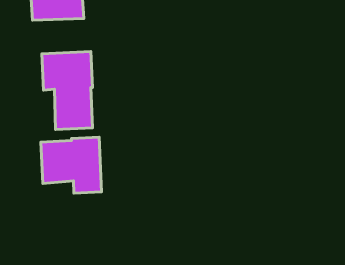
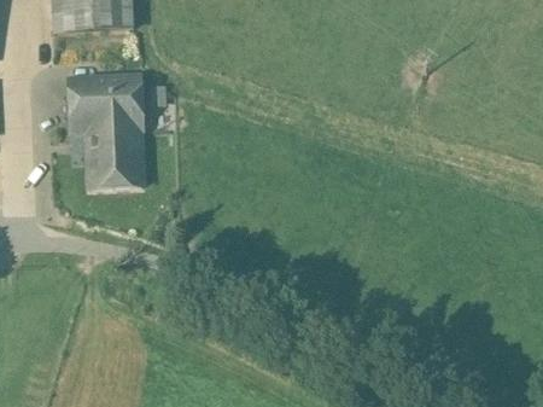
building: [41,137,101,193] -> none

